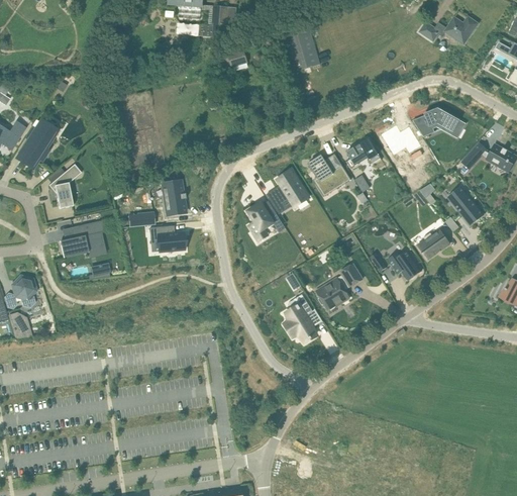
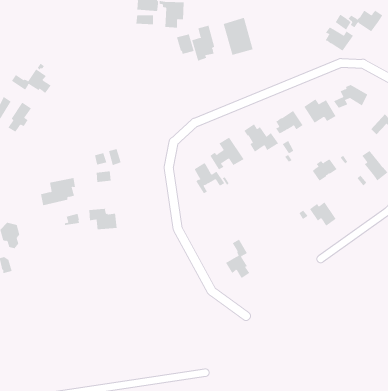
building: none -> [192,25,215,61]
building: none -> [325,27,354,52]
building: none -> [11,69,52,94]
building: [48,164,81,208] -> none
building: [162,180,185,214] -> none
building: [149,225,185,252] -> [88,208,117,230]
building: [418,230,449,259] -> [312,158,337,182]
building: [318,264,363,309] -> none

